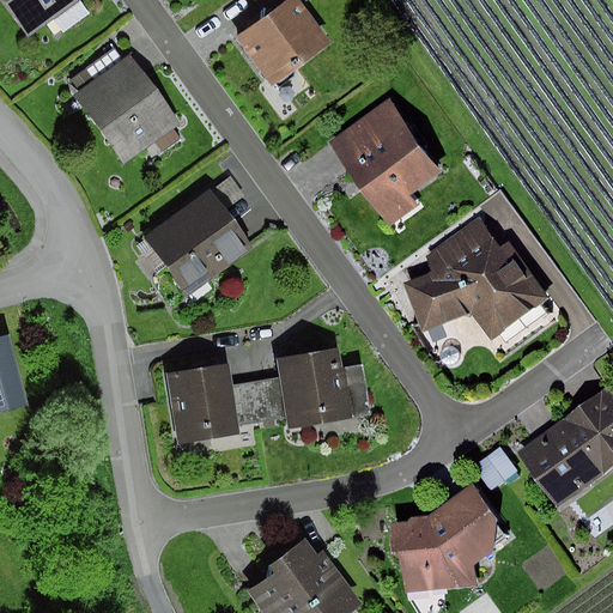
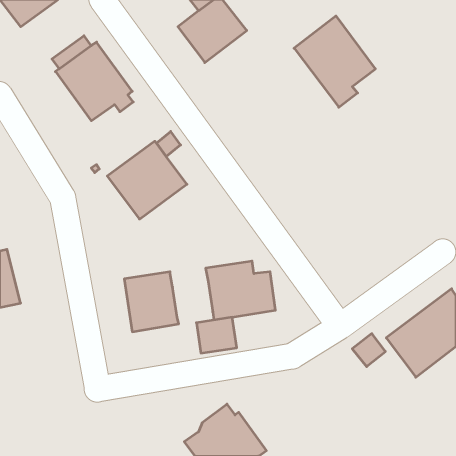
building: [330,101,439,223] -> [294,16,375,107]
building: [402,217,548,338] -> none
building: [231,377,285,425] -> [196,317,237,353]
building: [389,482,496,593] -> none

